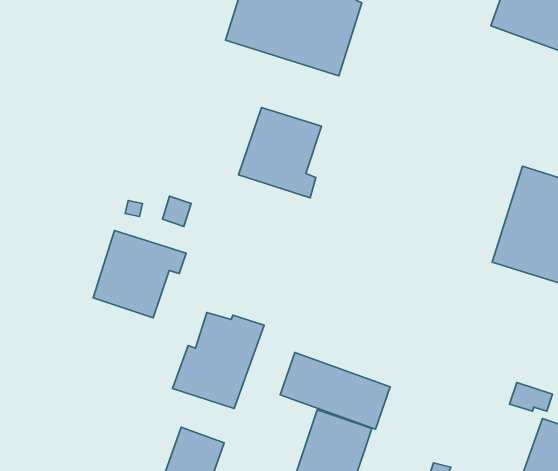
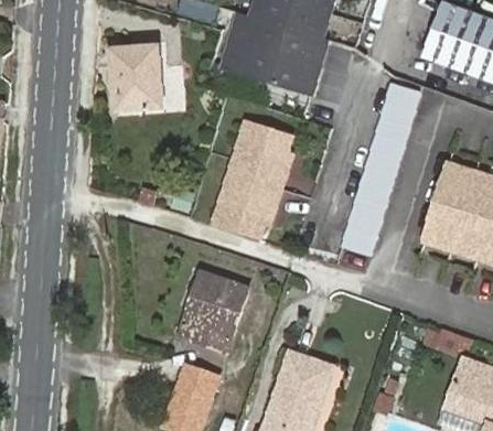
building: none -> [112,45,163,109]
building: none -> [341,83,420,254]
building: [93,230,186,318] -> [213,171,285,238]
building: [280,352,390,429] -> none

